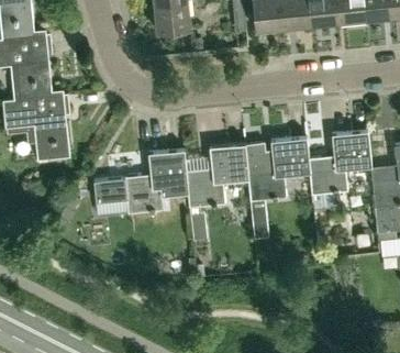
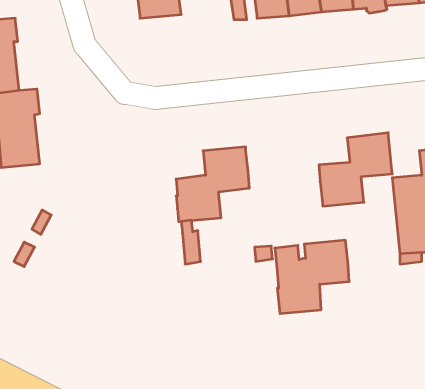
building: [245,137,309,200] -> [275,240,349,314]
building: [93,148,187,212] -> none

